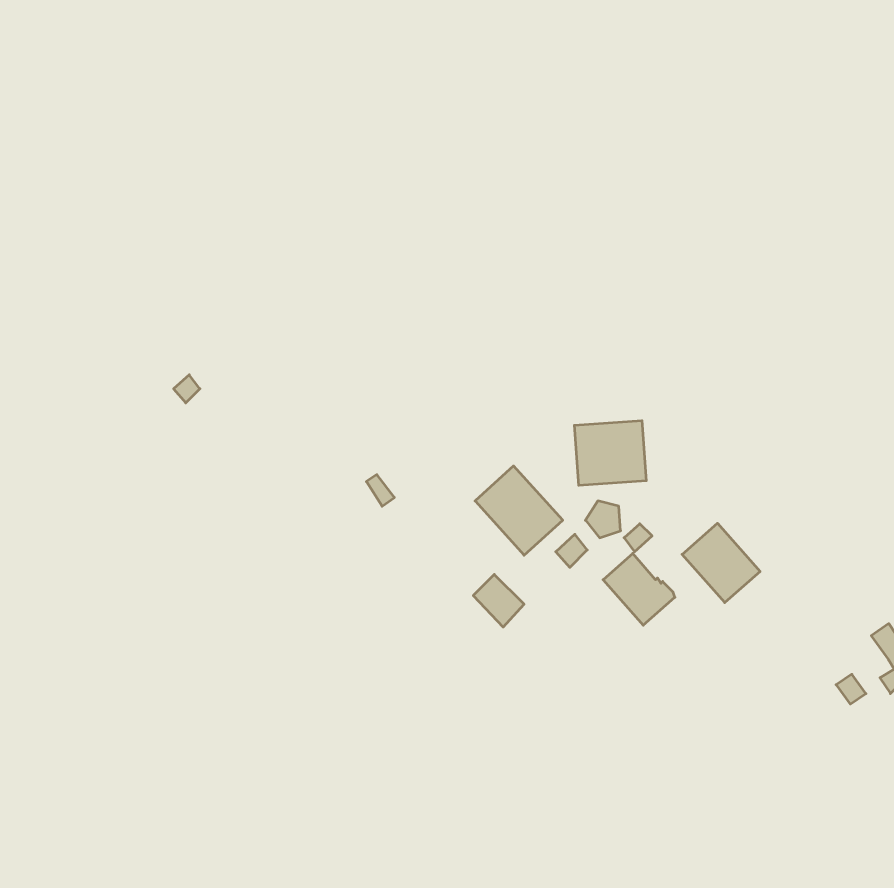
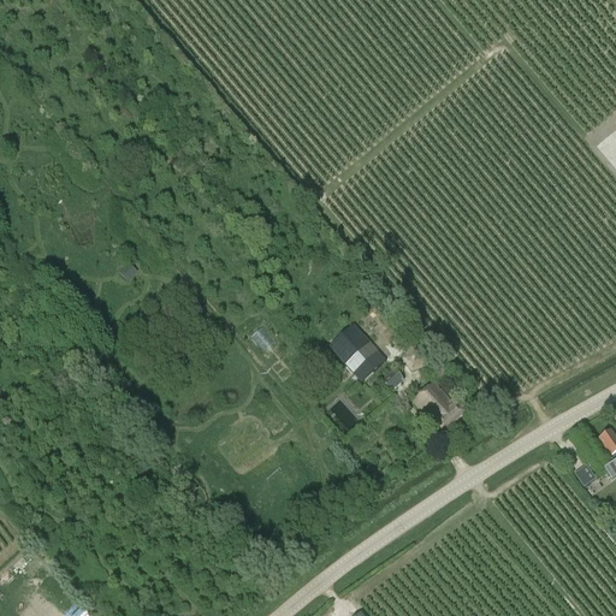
building: [574,421,646,485] -> none
building: [682,523,760,603] -> none

